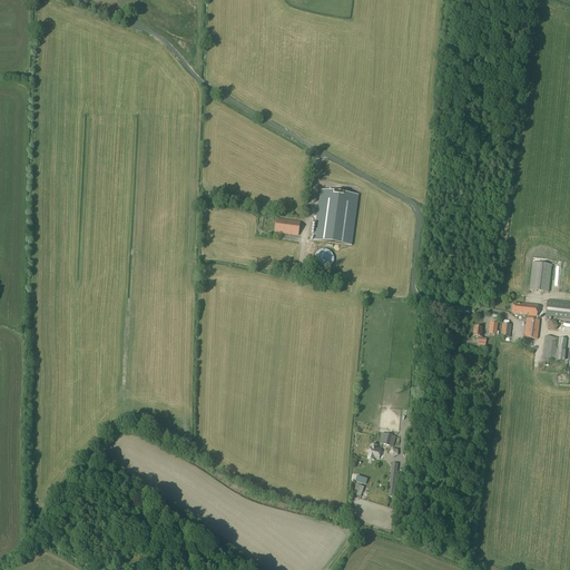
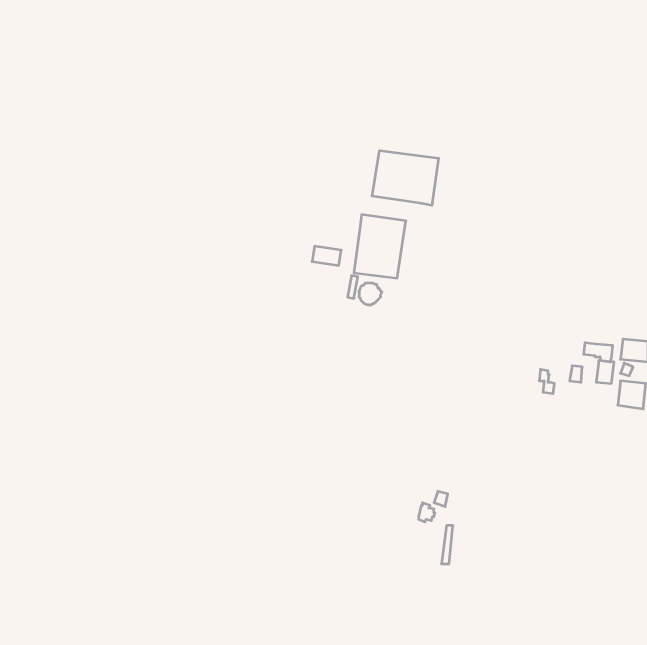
building: none -> [372,151,439,205]
building: [530,259,552,289] -> none

